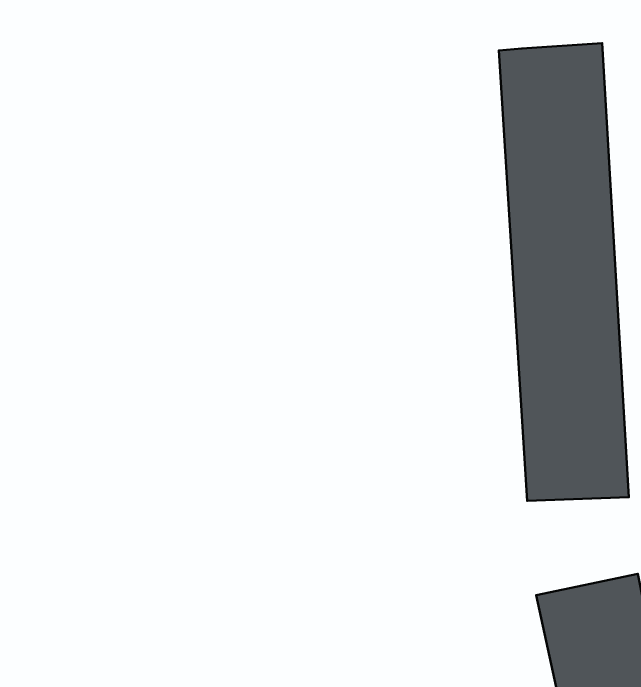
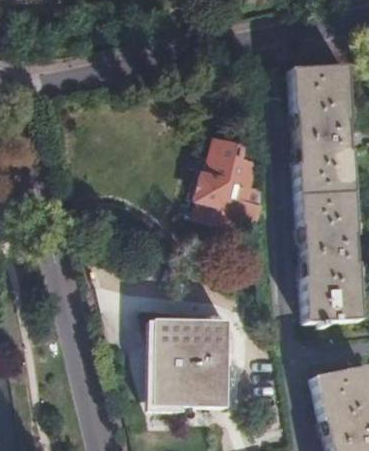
building: none -> [192,136,262,236]
building: none -> [152,319,230,407]

